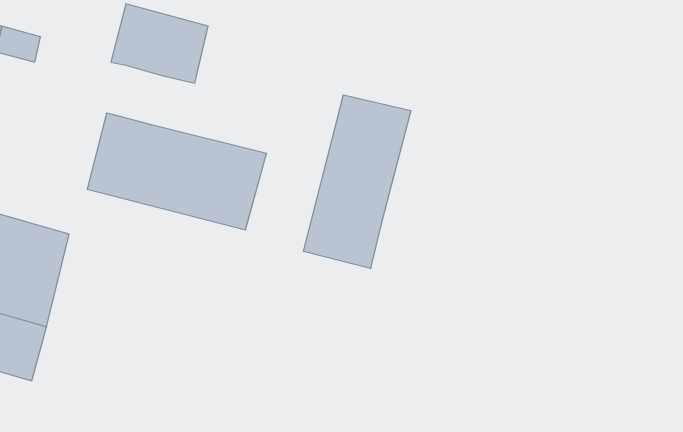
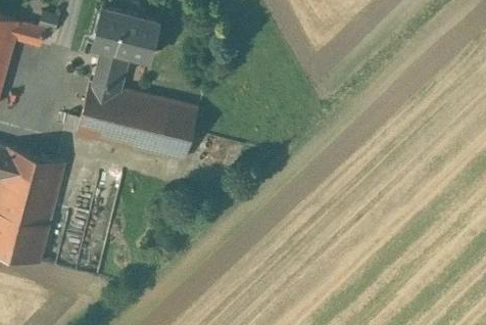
building: none -> [94,49,128,90]
building: [303,95,411,269] -> none

